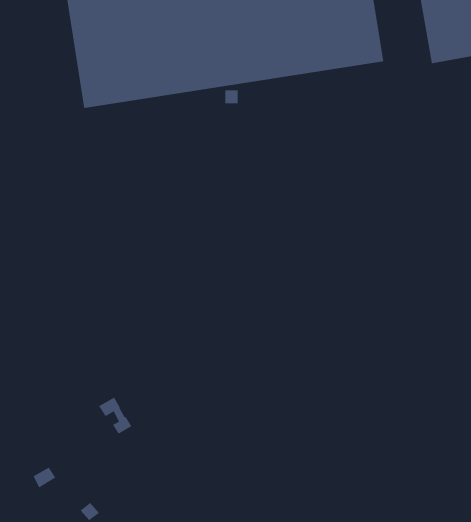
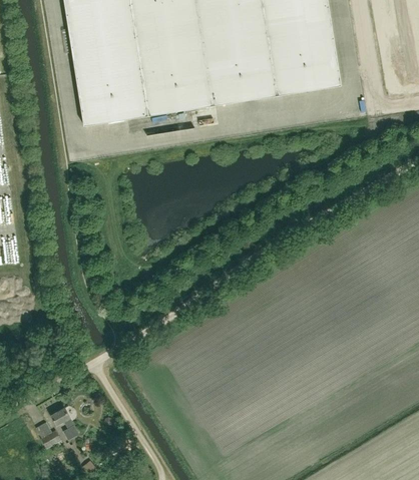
building: [98,397,132,434] -> [51,408,80,440]

